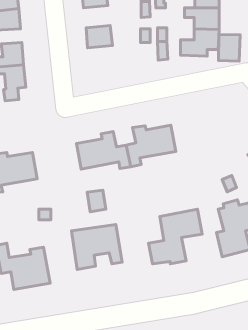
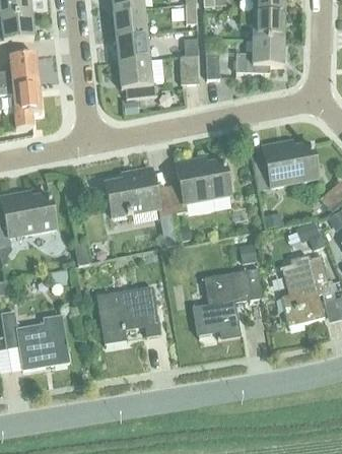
building: none -> [113,8,146,37]
building: [218,34,240,61] -> none
building: none -> [179,55,199,83]
building: none -> [118,59,157,99]
building: none -> [262,142,317,185]
building: [87,190,106,212] -> none

